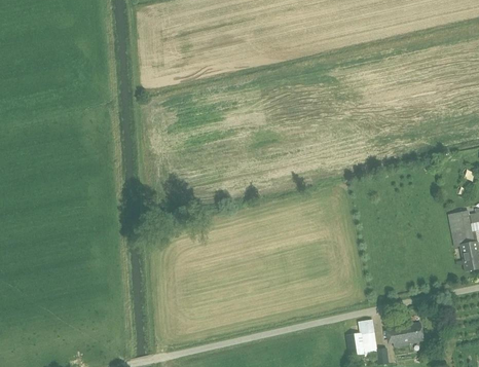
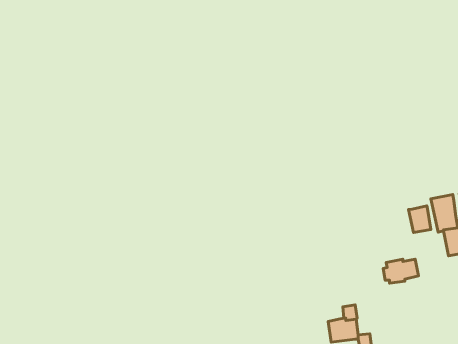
building: none -> [409,206,431,233]
building: [388,323,422,346] -> [383,259,418,283]

